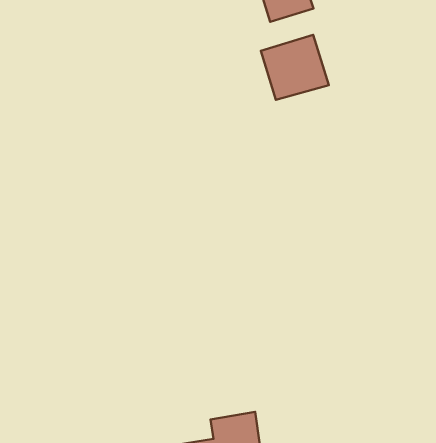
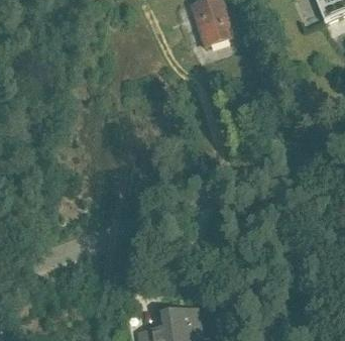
building: [261,35,329,100] -> none

